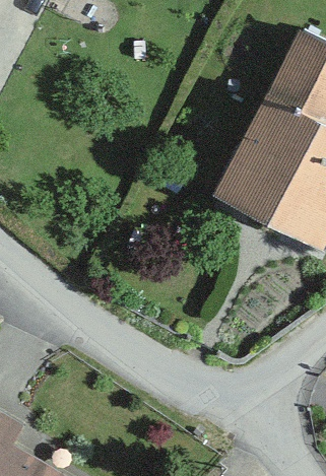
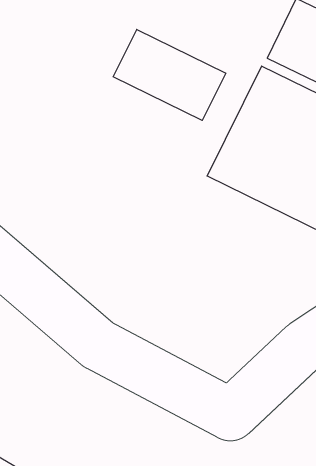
building: none -> [113,29,226,120]

